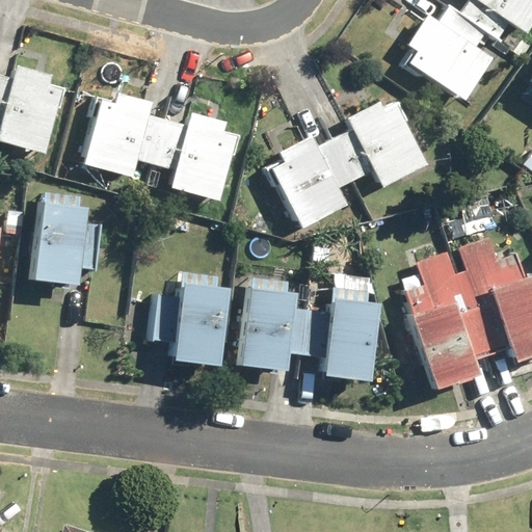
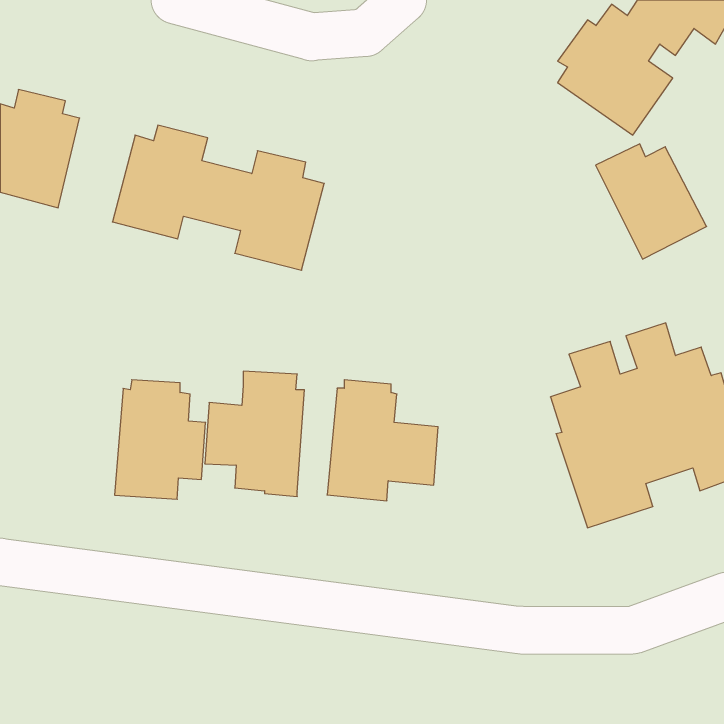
building: [347,104,428,188] -> [596,144,707,259]
building: [270,135,367,229] -> none
building: [31,195,98,283] -> [115,380,206,499]
building: [323,290,377,379] -> none

